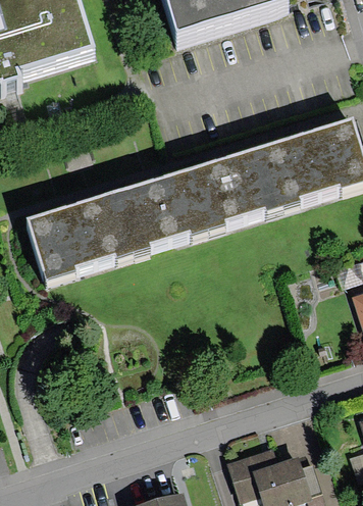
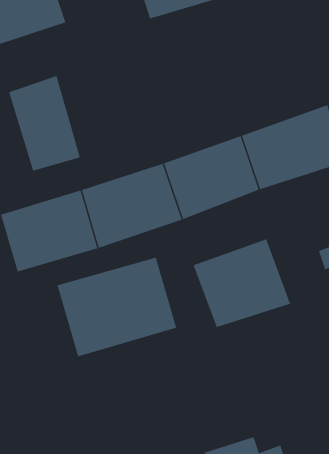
building: none -> [9,75,81,172]
building: none -> [193,239,291,328]
building: none -> [57,257,177,357]

